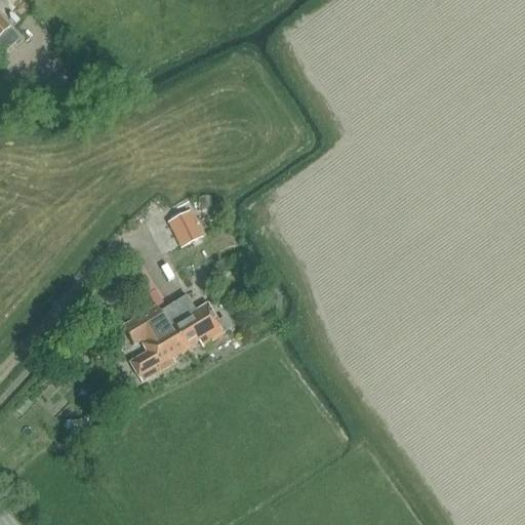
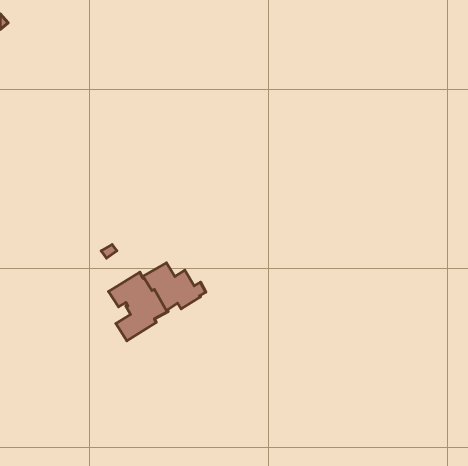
building: [166,208,203,246] -> none

